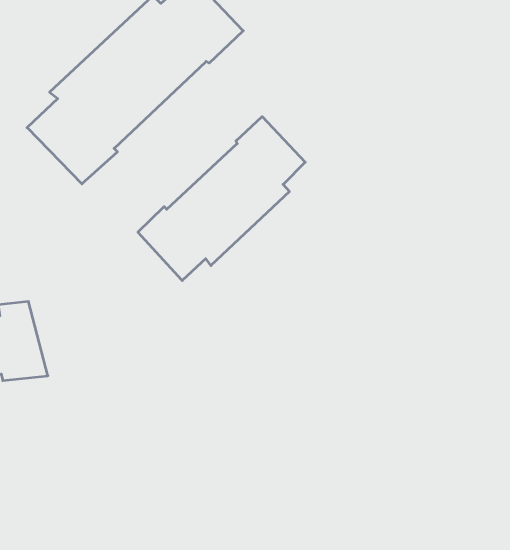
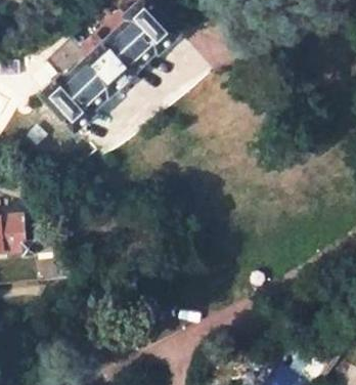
building: [138,117,305,281] -> none

